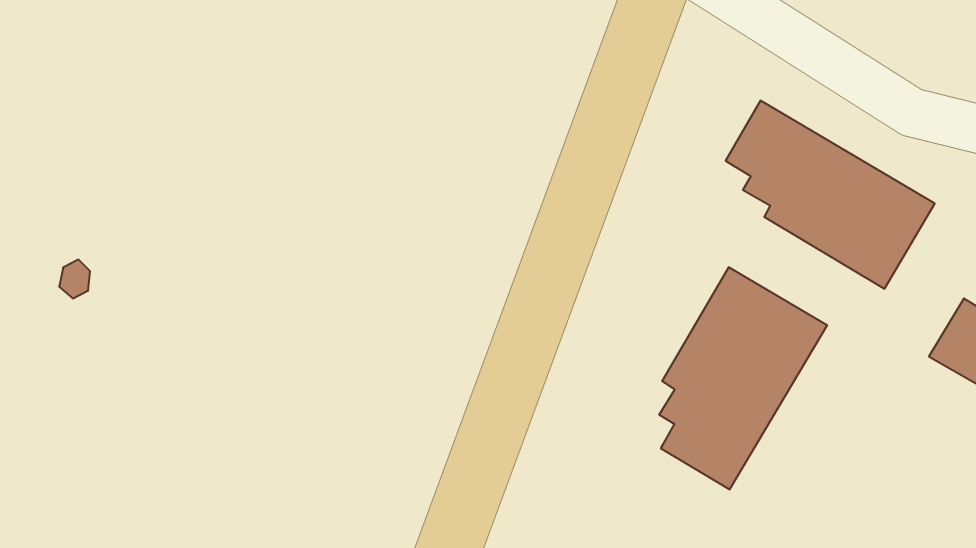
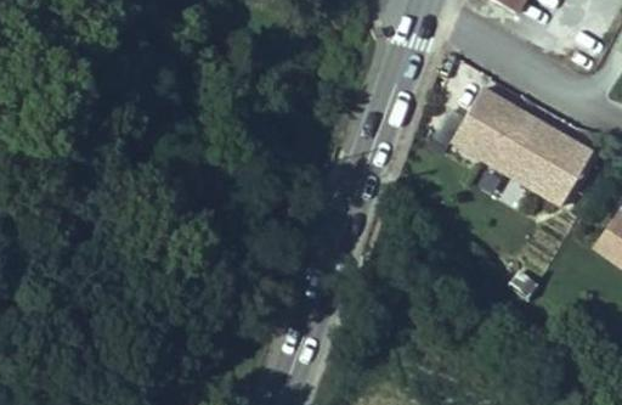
building: [659,267,827,490] -> none

